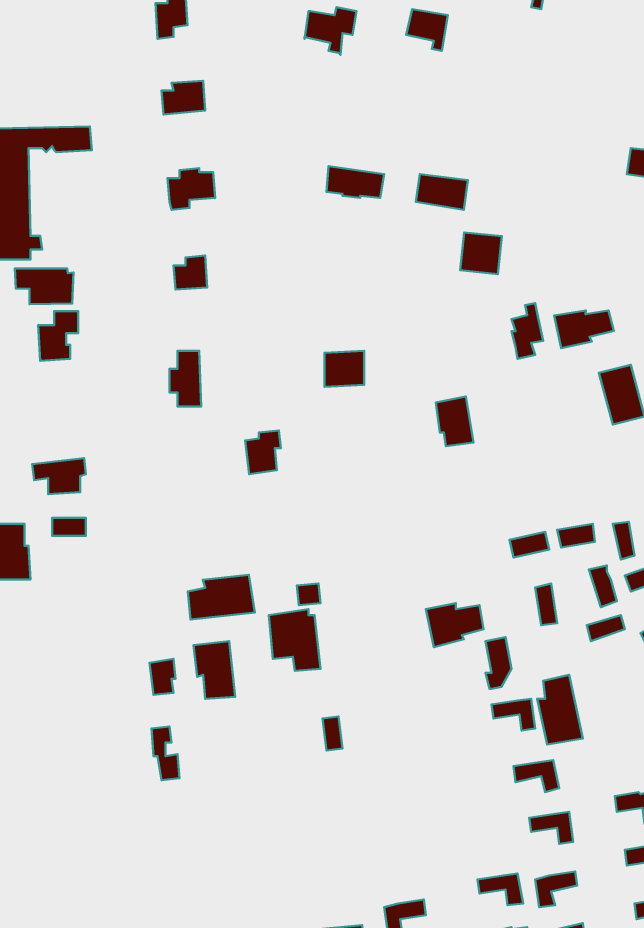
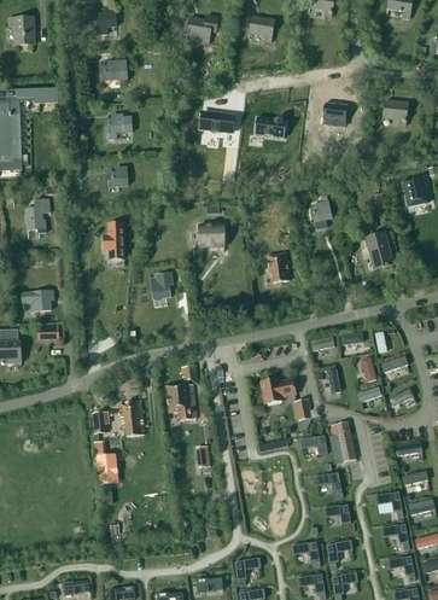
building: none -> [8,17,35,45]
building: [460,232,502,274] -> [322,104,348,129]
building: [15,269,74,304] -> none
building: [554,310,614,348] -> none
building: [188,575,255,619] -> none

